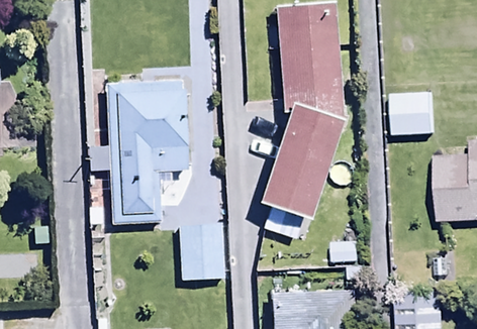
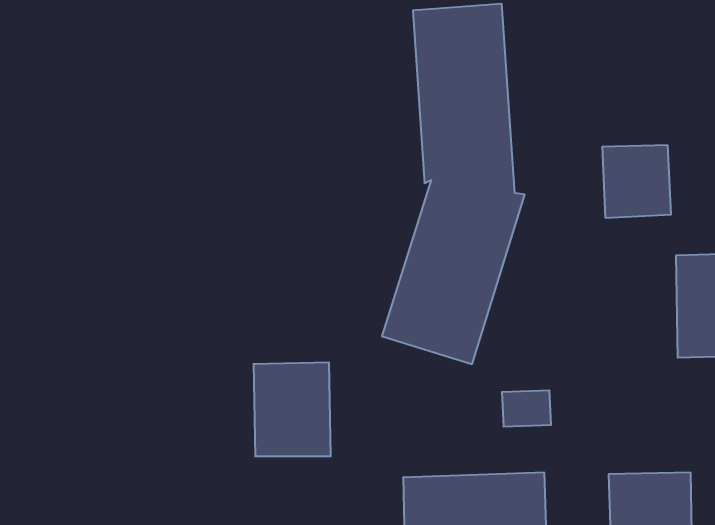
building: [103,81,191,224] -> none

